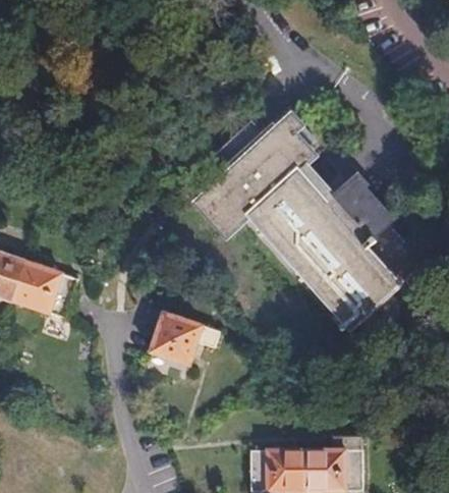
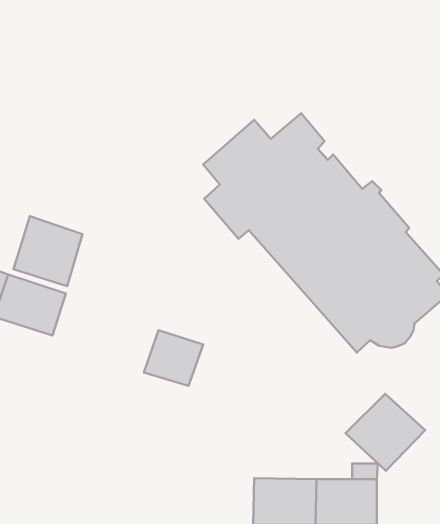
building: none -> [14,216,82,286]
building: none -> [345,394,425,471]

